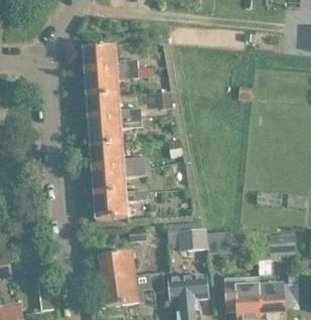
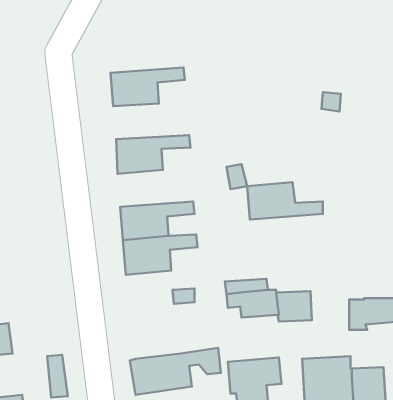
building: [82,44,137,71] -> none
building: [86,94,141,120] -> none
building: [89,142,144,169] -> [247,182,323,219]
building: [98,252,135,280] -> none

